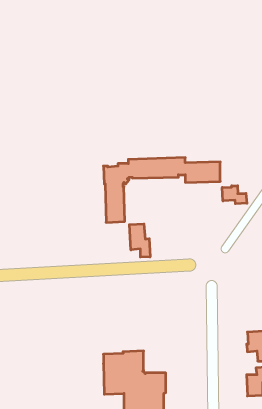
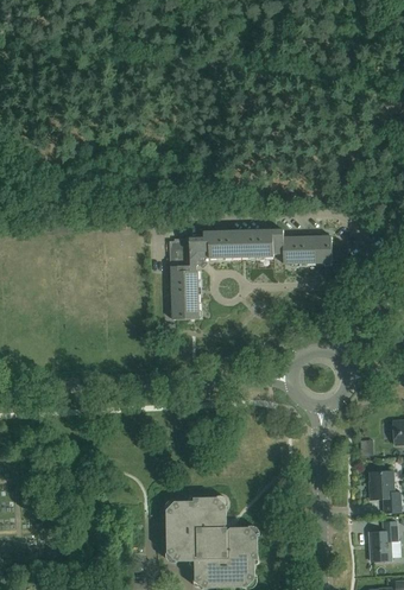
building: [222,186,247,204] -> none
building: [129,224,150,257] -> none

